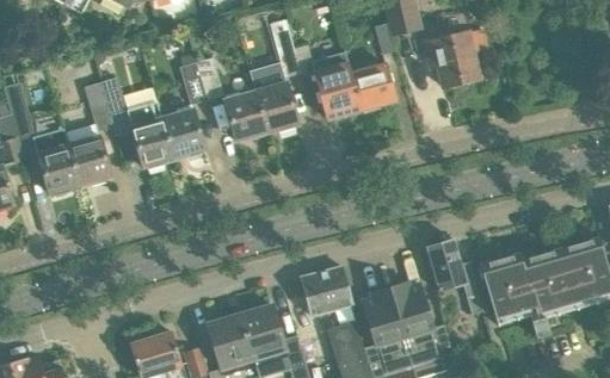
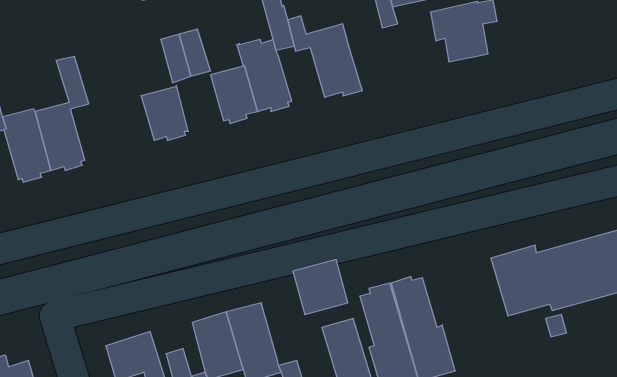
building: [351,63,395,109] -> none
building: [100,76,173,168] -> none
building: [424,240,483,315] -> none

